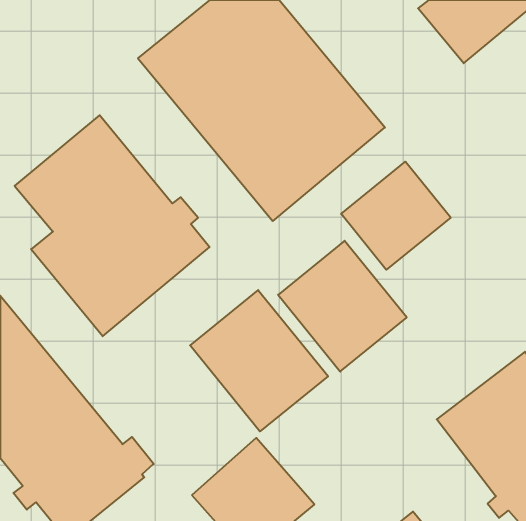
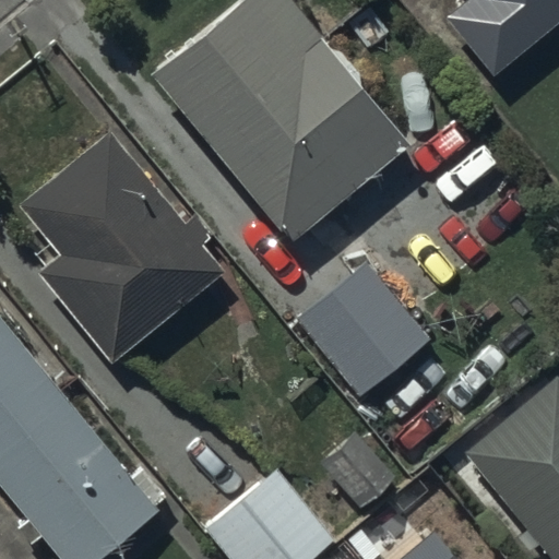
building: [341,162,451,270] -> none
building: [190,290,328,431] -> none

